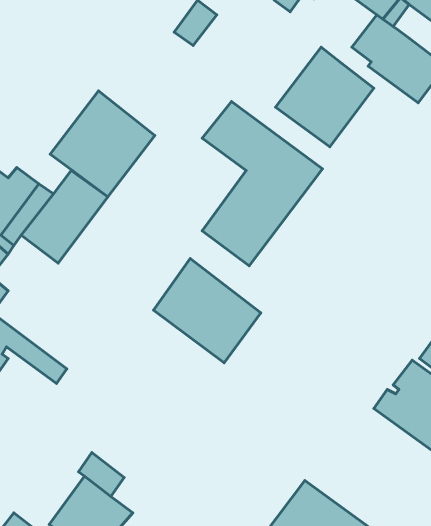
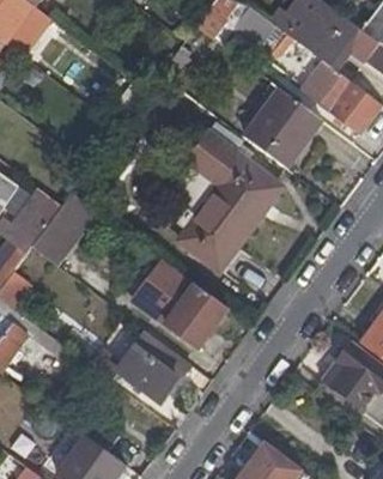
building: [50,91,155,197] -> none
building: none -> [87,327,190,400]

